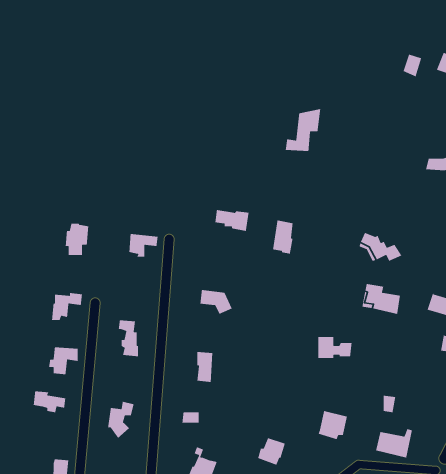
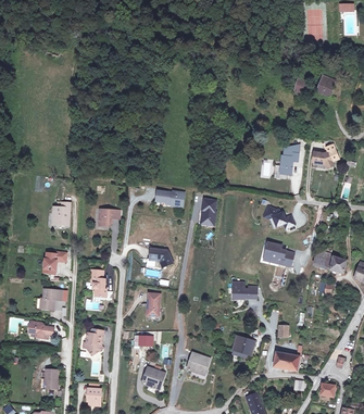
building: [285,108,321,152] -> [272,146,298,177]

